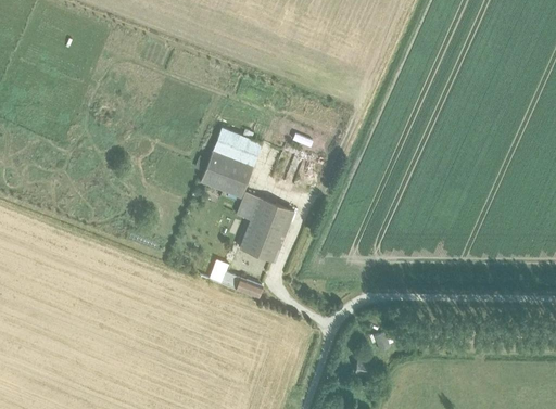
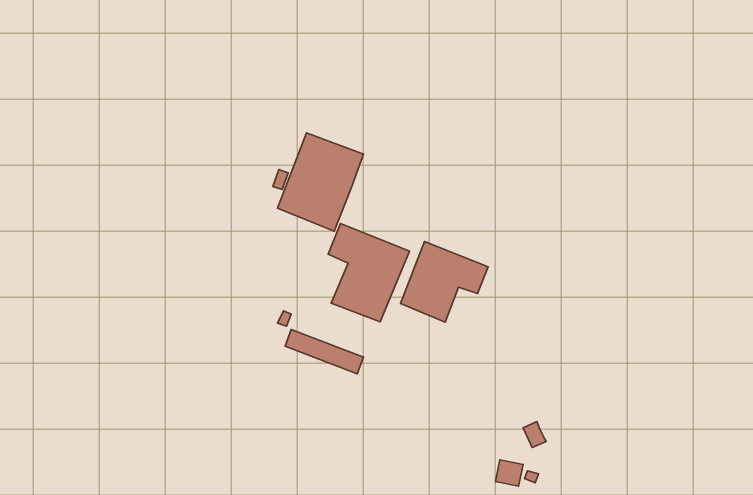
building: none -> [401,241,488,322]

